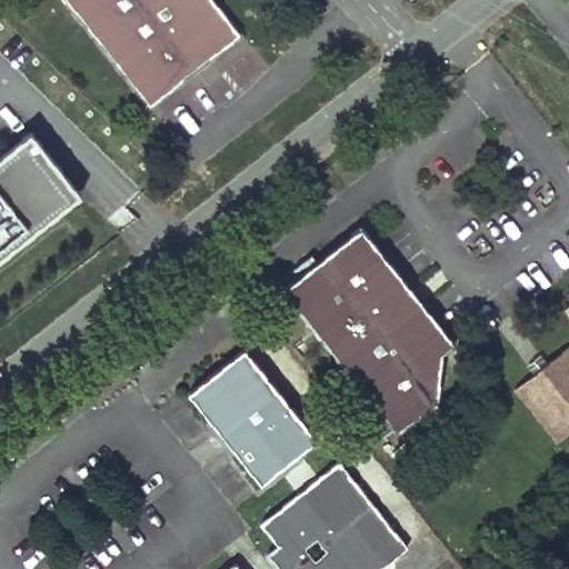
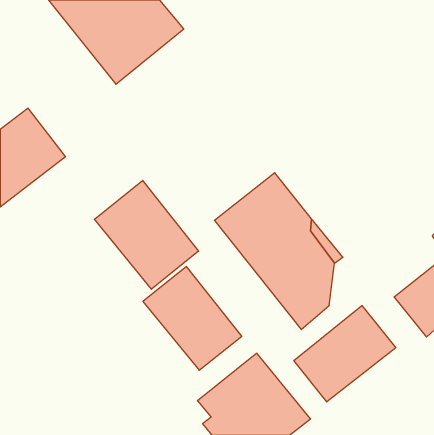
building: none -> [94,180,199,289]
building: none -> [294,306,396,402]

